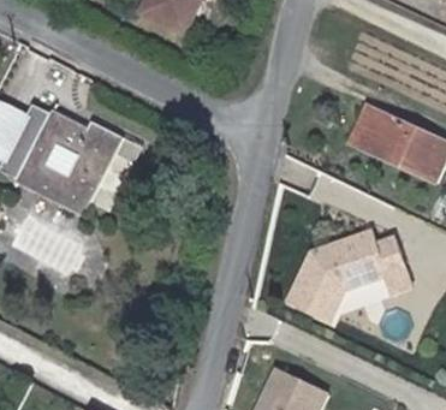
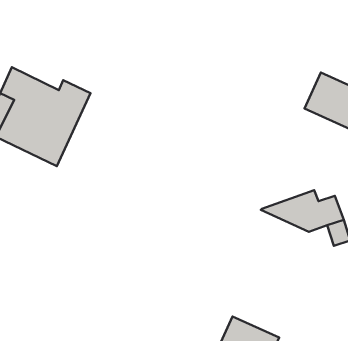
building: [286,257,361,323] -> none

